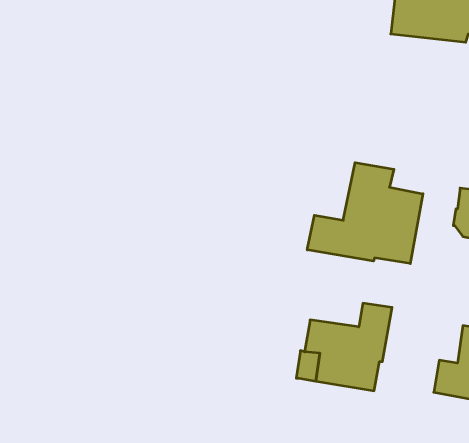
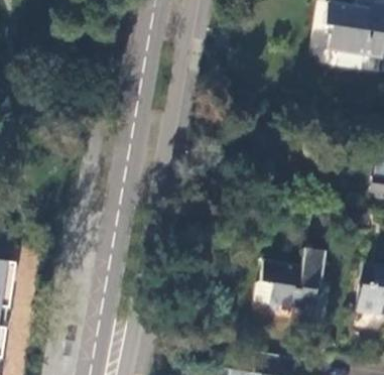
building: [307,163,423,264] -> none

